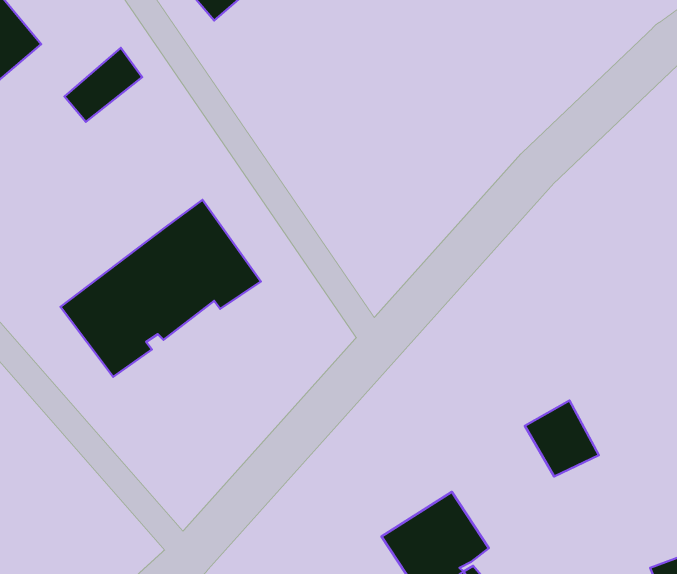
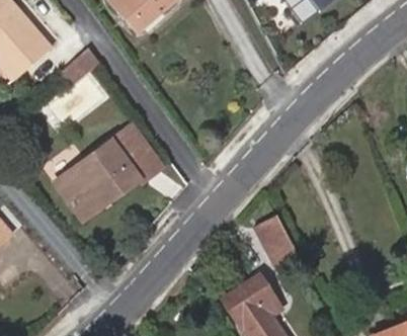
building: [525,401,599,476] -> [253,215,292,254]

